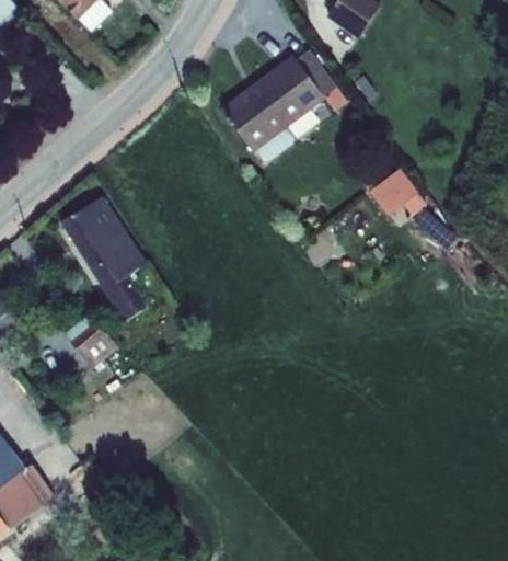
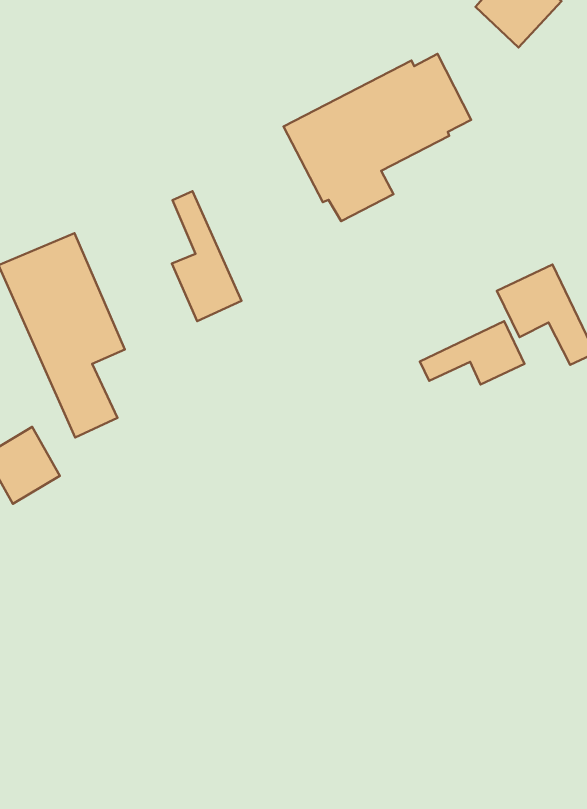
building: none -> [172,191,242,321]
building: none -> [420,321,525,385]

